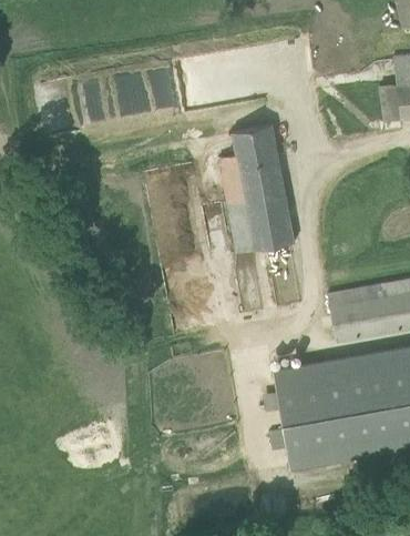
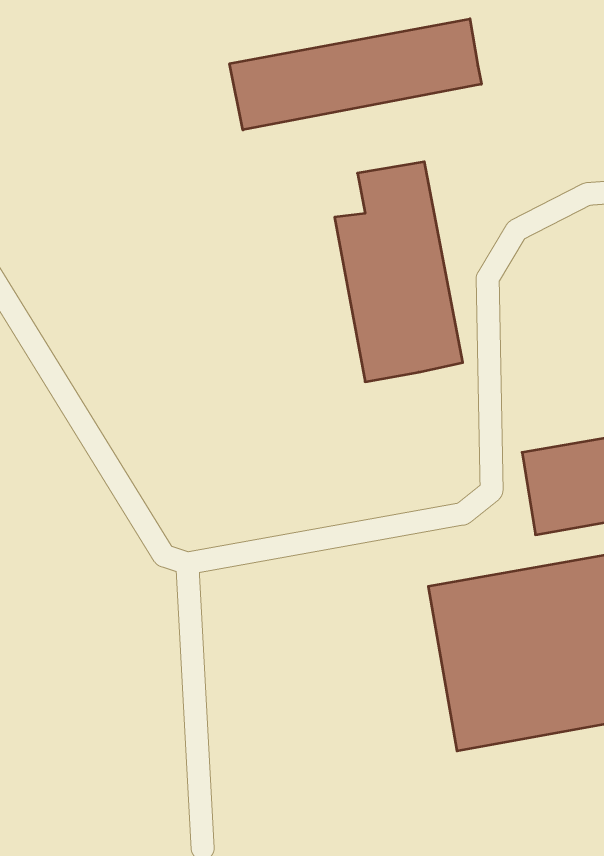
building: none -> [230,19,481,130]

